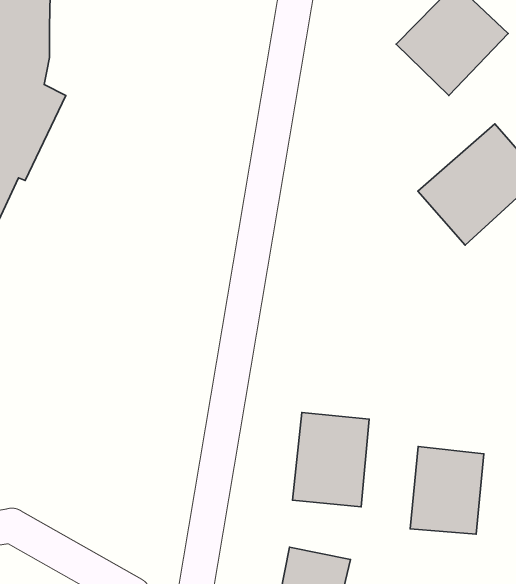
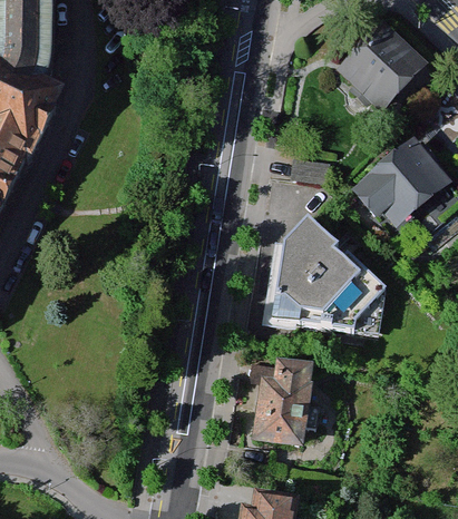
building: none -> [266,212,377,322]
building: [410,447,484,534] -> none

